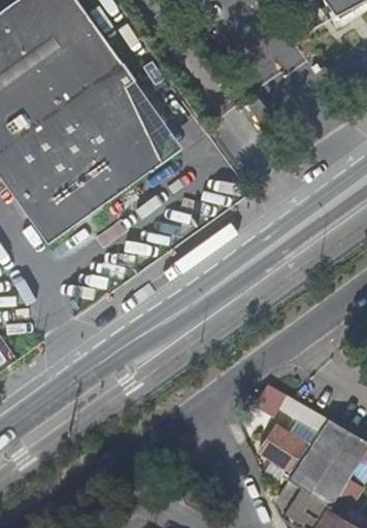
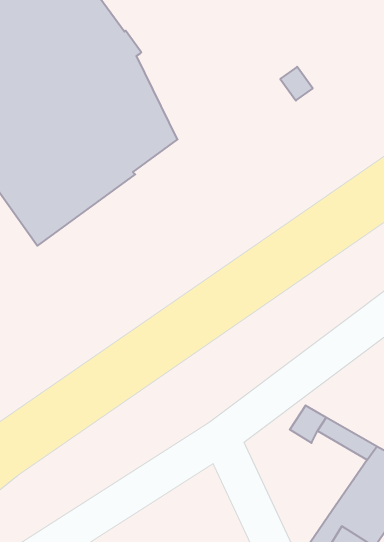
building: [128,81,181,185] -> none
building: [264,421,316,471] -> none

